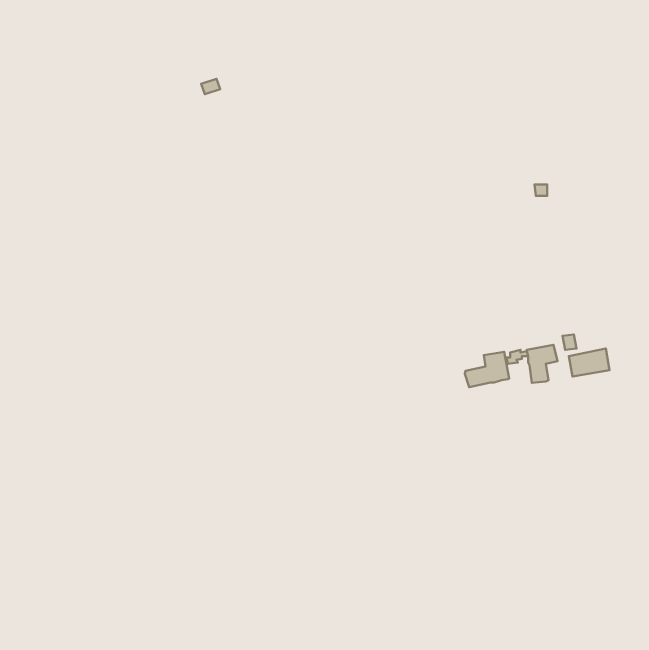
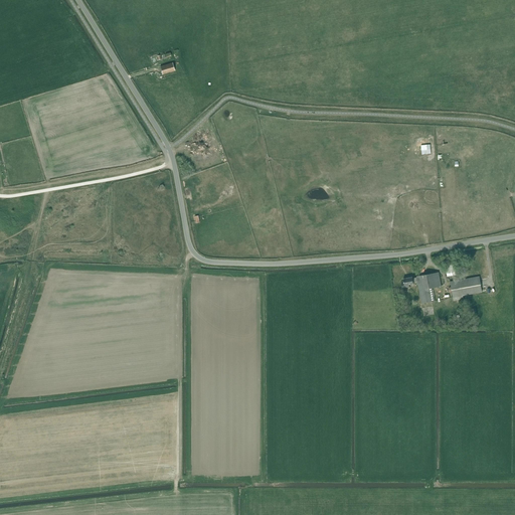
building: [465,352,509,387] -> none

